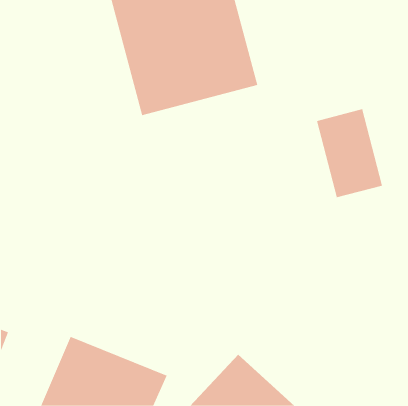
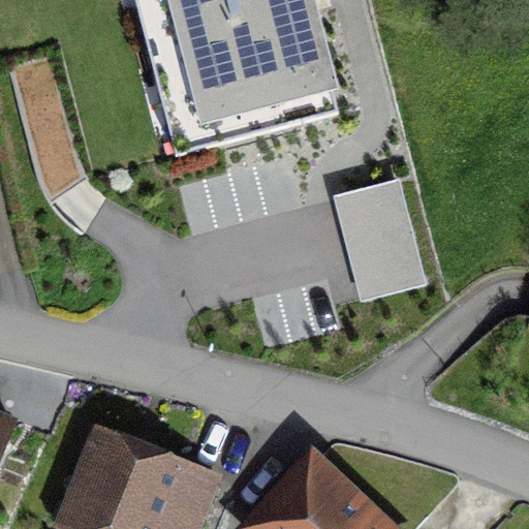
building: [316,109,383,198] -> [340,178,426,292]

